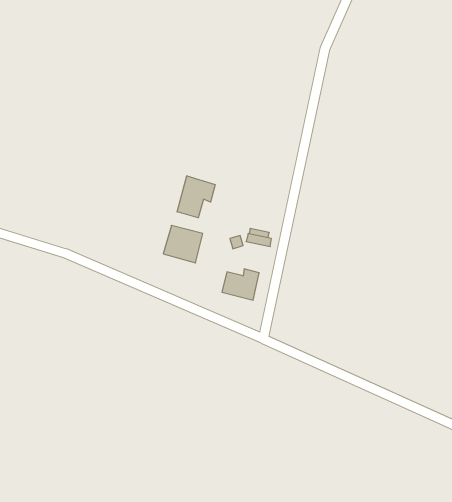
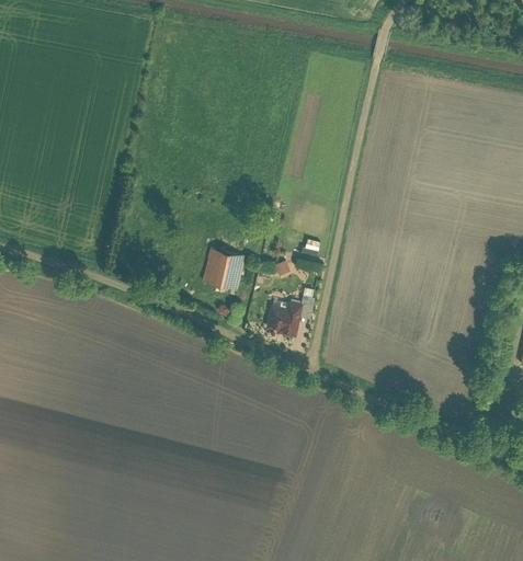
building: [177,176,215,218] -> none

